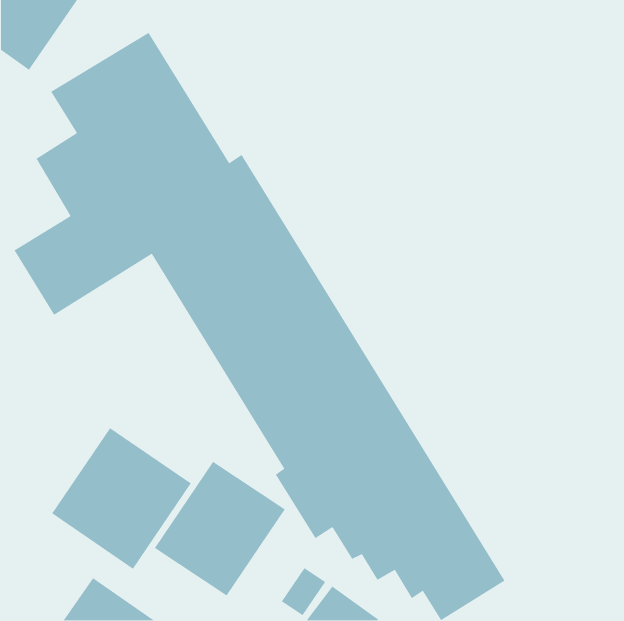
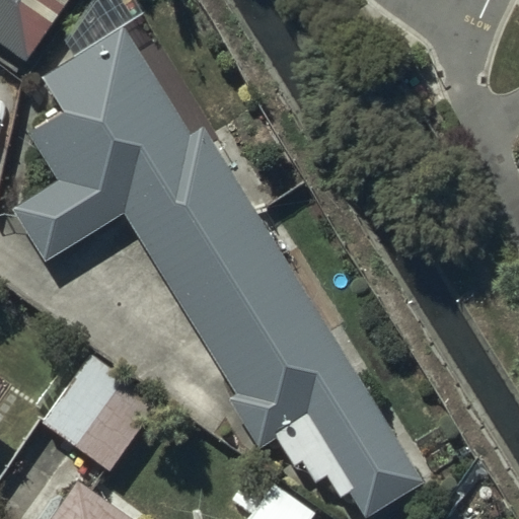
building: [154,461,286,596] -> none

